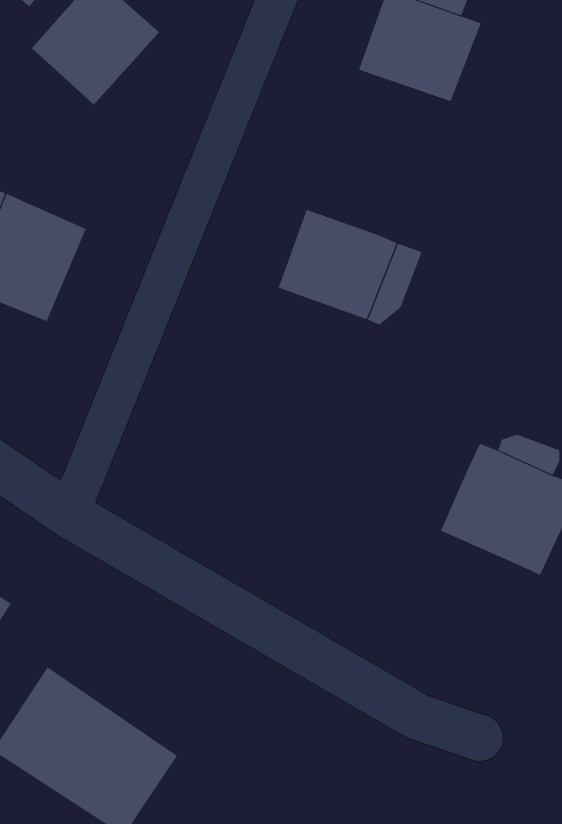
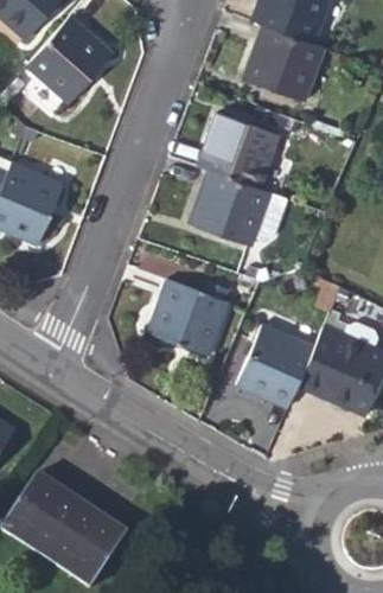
building: none -> [198,113,279,189]
building: none -> [148,280,231,355]
building: none -> [238,325,315,409]

